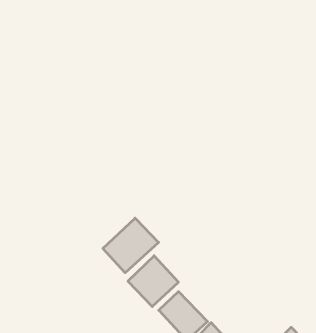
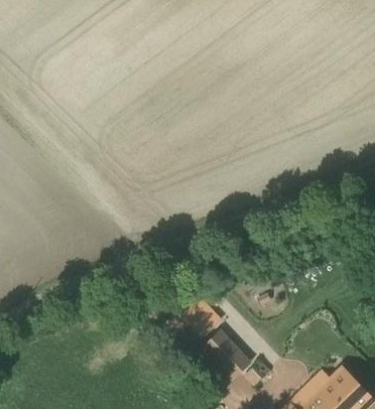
building: [103,218,159,273] -> none

